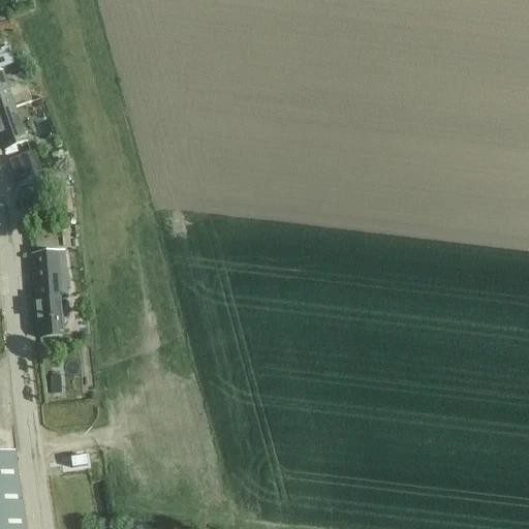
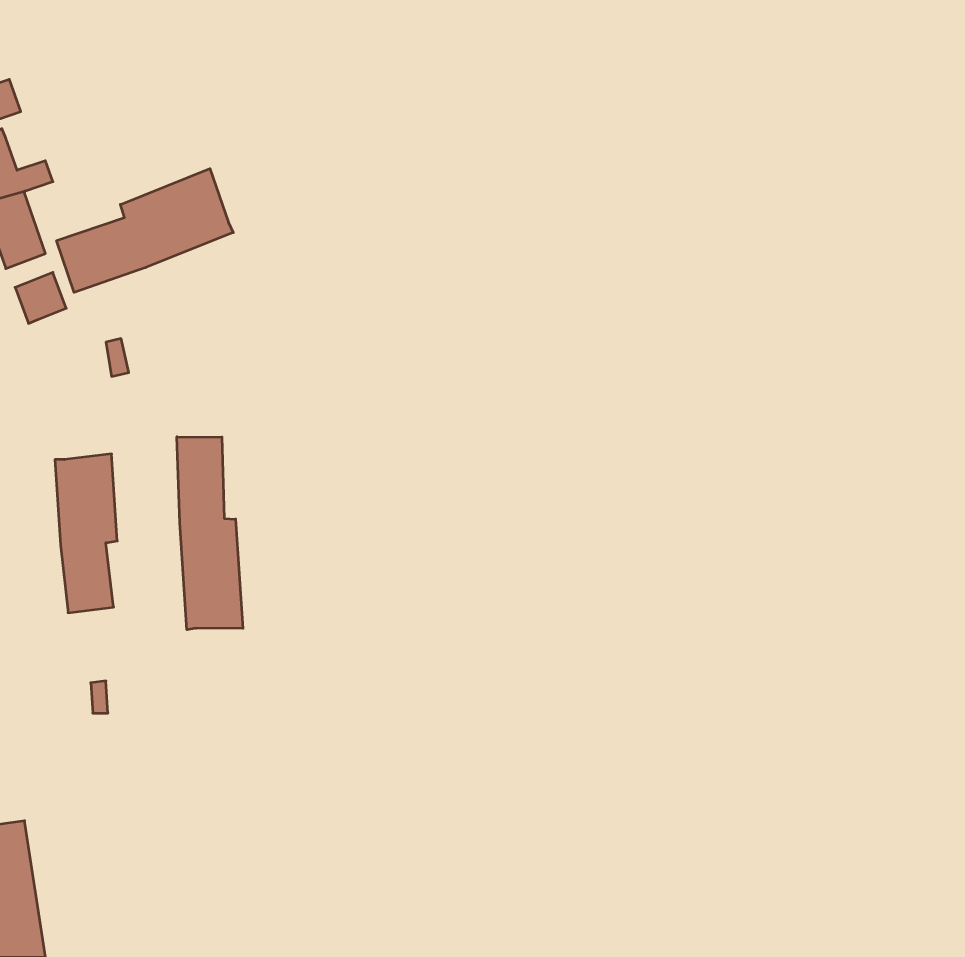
building: none -> [57,169,233,292]
building: none -> [177,437,243,630]

